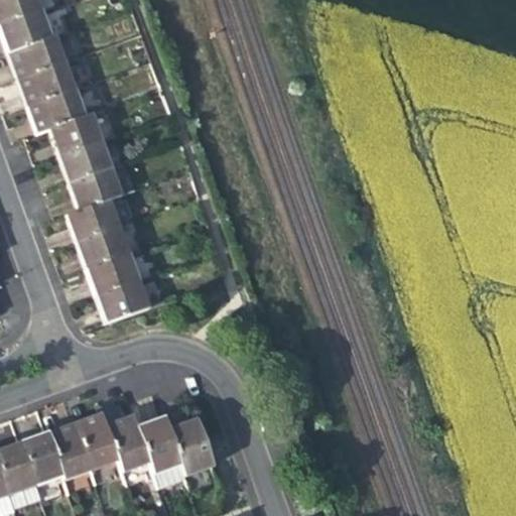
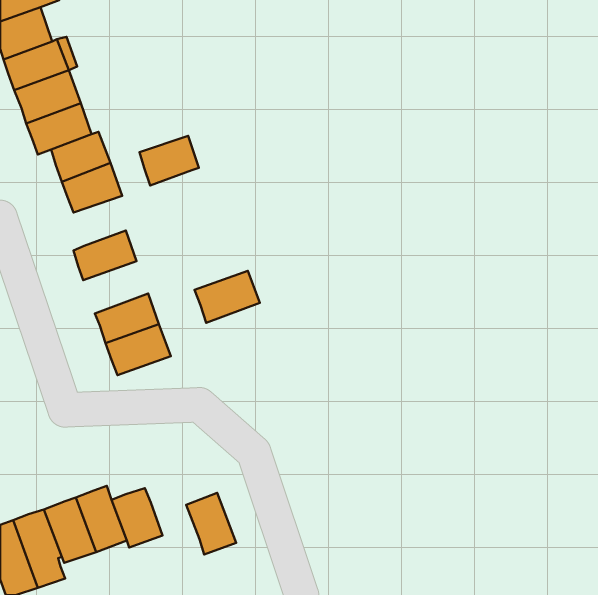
building: [70,166,120,209] -> [140,136,199,186]
building: [78,222,133,266] -> [194,271,260,323]
building: [135,416,178,486] -> none

